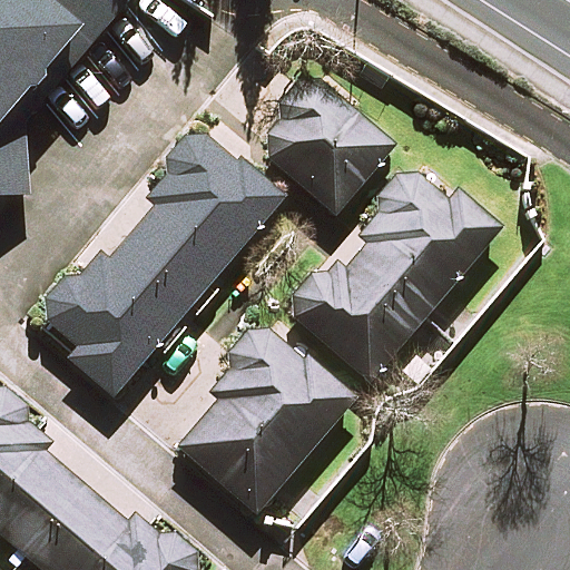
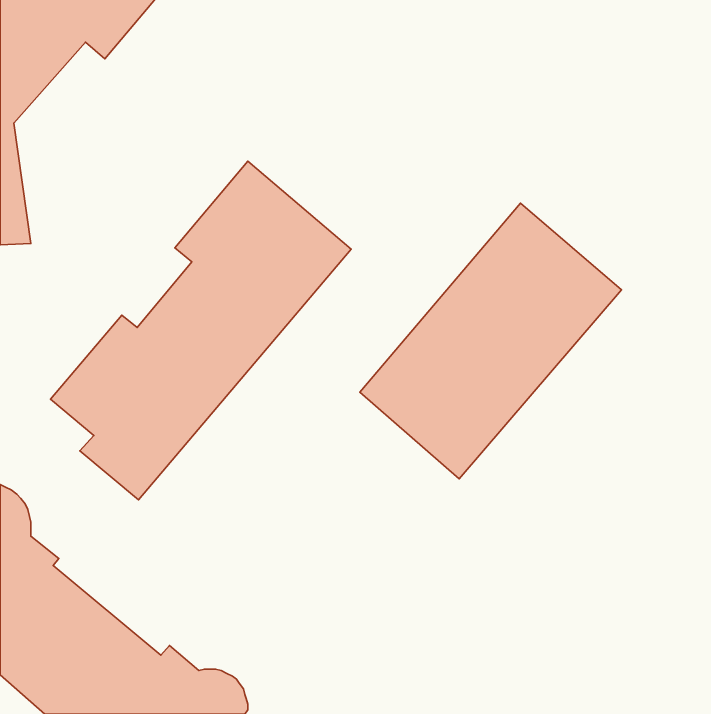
building: [256,78,394,215] -> none
building: [179,322,352,513] -> none

